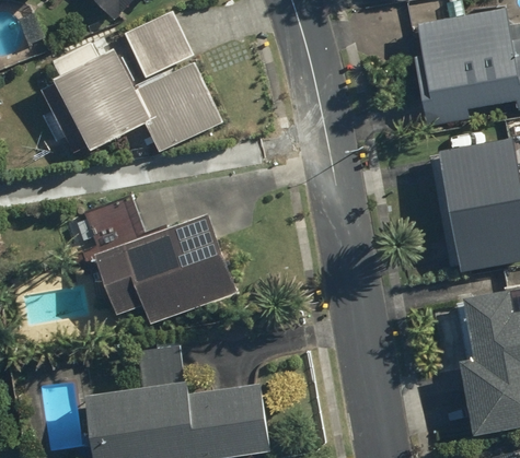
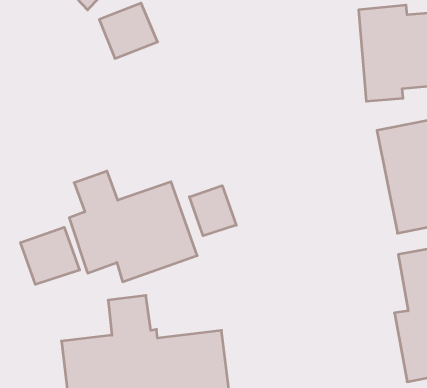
building: [48,40,227,154] -> none
building: none -> [189,186,236,236]
building: none -> [21,227,80,284]

